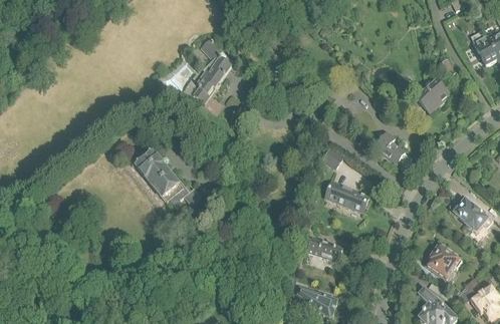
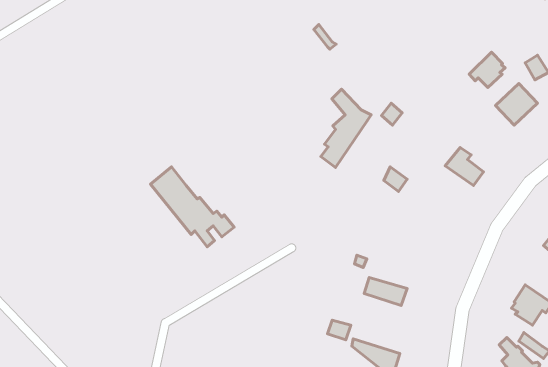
building: [191,38,232,102] -> [321,89,371,168]
building: none -> [469,52,505,88]
building: [324,181,367,211] -> none

